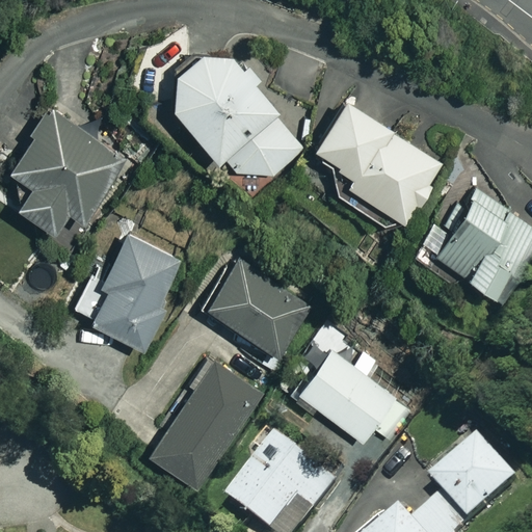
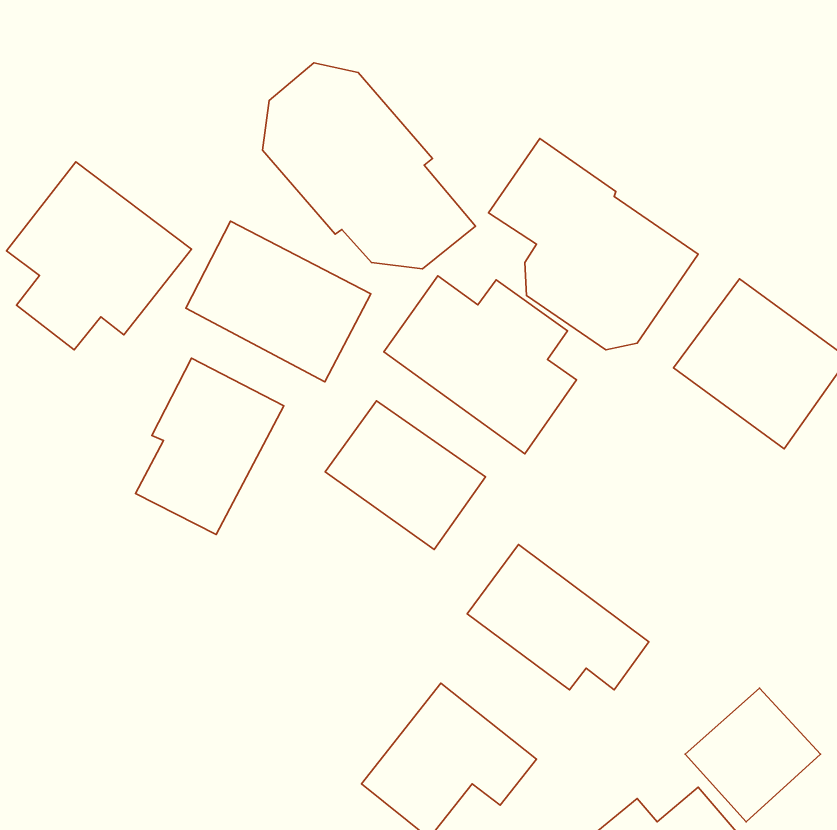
building: none -> [186,221,371,382]
building: none -> [384,276,577,454]
building: [150,363,263,488] -> none

